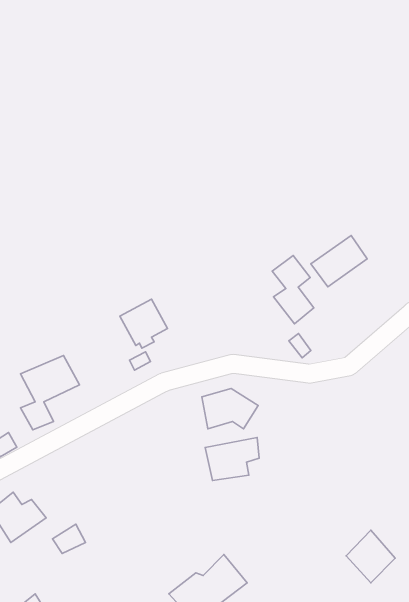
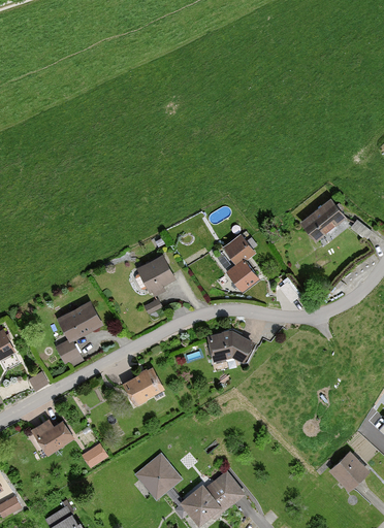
building: [272,255,314,324] -> [223,235,258,293]
building: none -> [121,366,165,406]
building: [205,437,259,480] -> none
building: none -> [132,454,182,502]

